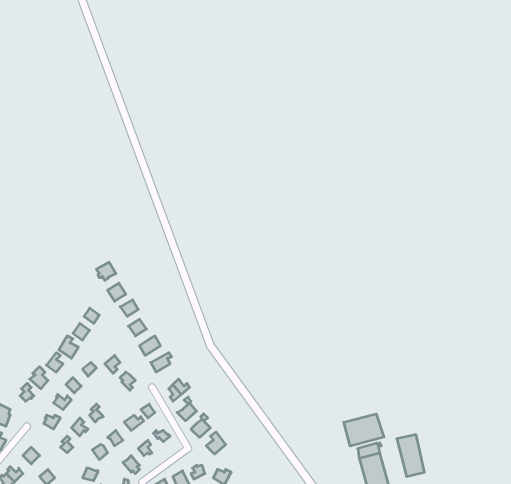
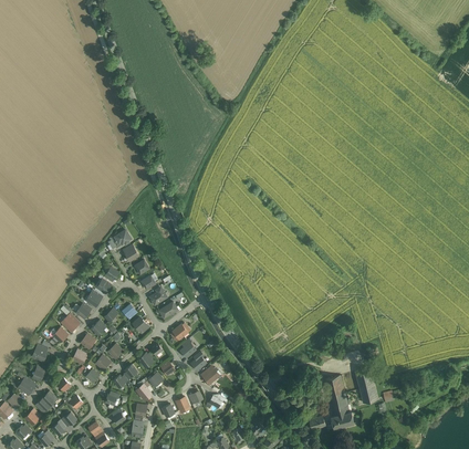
building: [344,414,384,446] -> none

